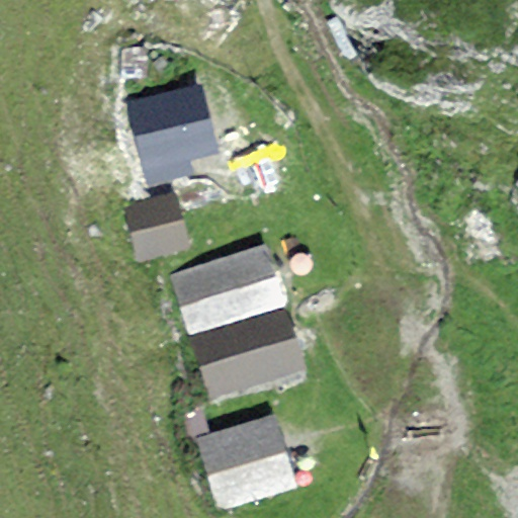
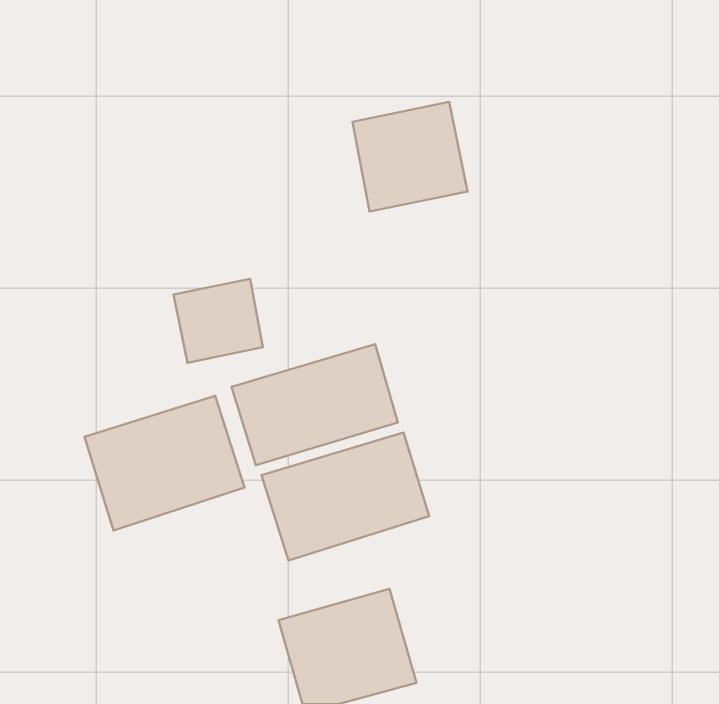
building: [136,89,218,167] -> [352,102,468,211]
building: none -> [84,396,244,530]

